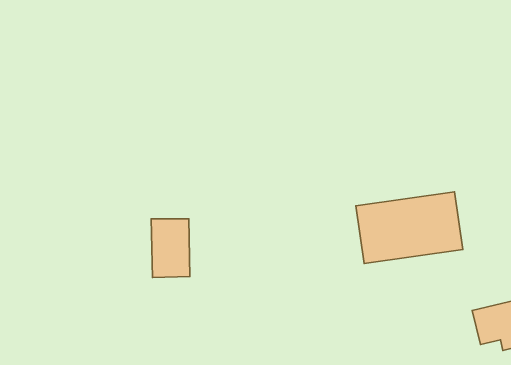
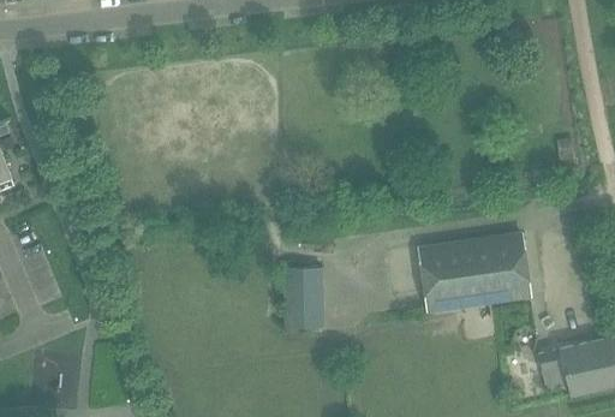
building: [151,219,190,278] -> [283,267,323,327]

